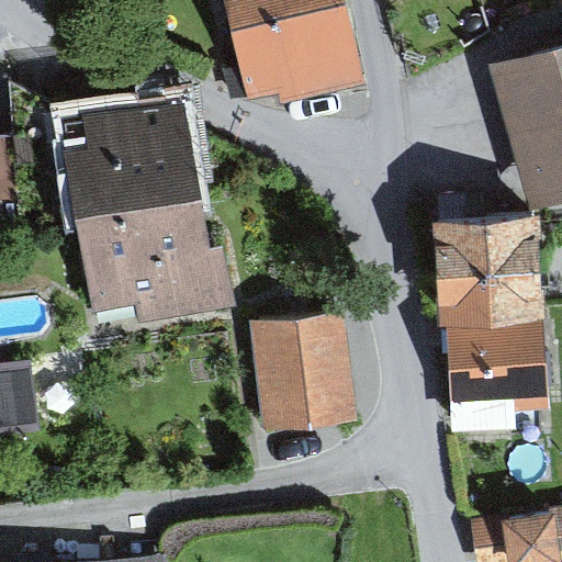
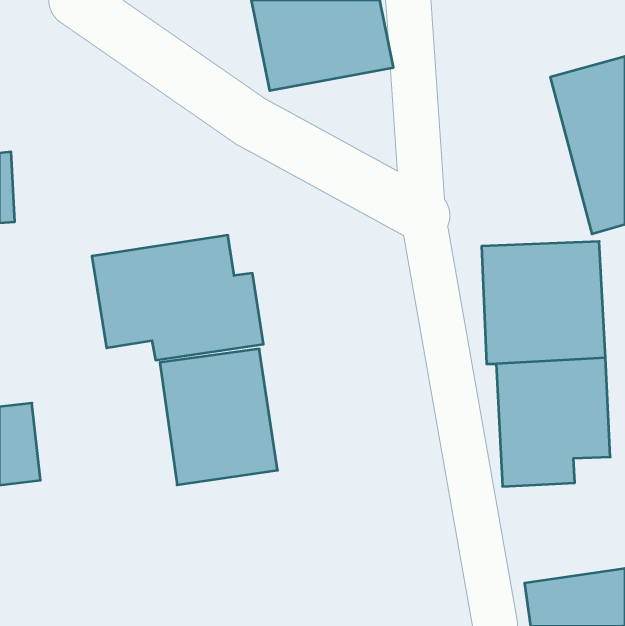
building: [61,89,204,229] -> none
building: [251,315,357,437] -> [160,349,278,485]

